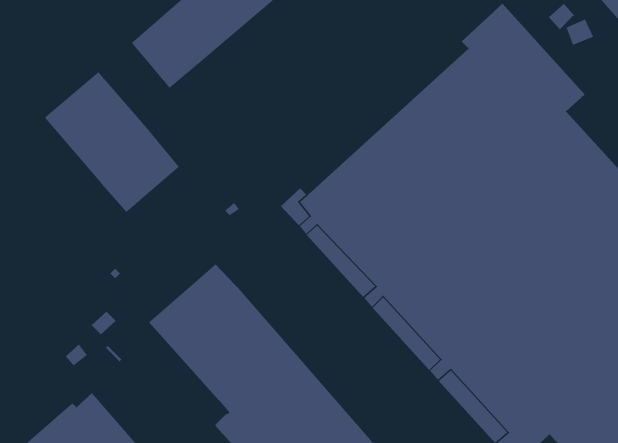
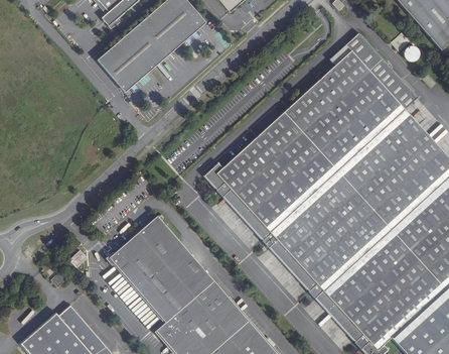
building: [44,71,180,213] -> none

